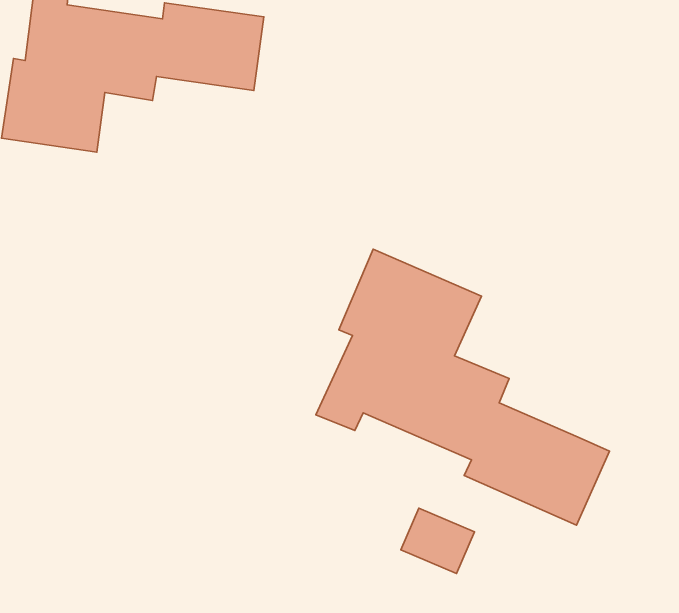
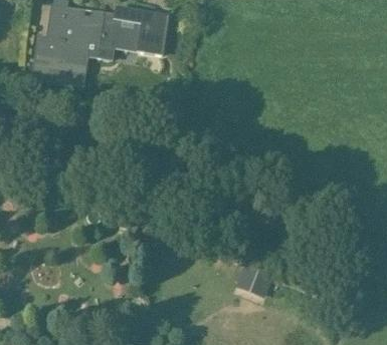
building: [316,249,610,525] -> none

